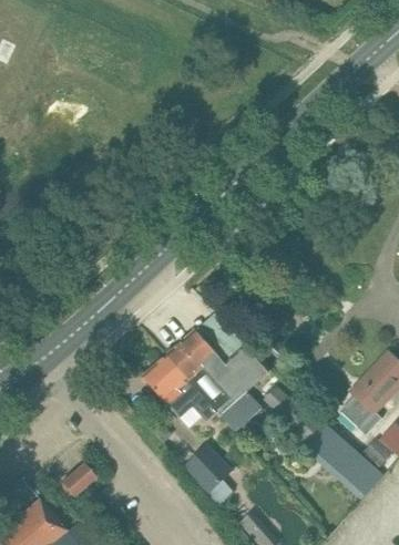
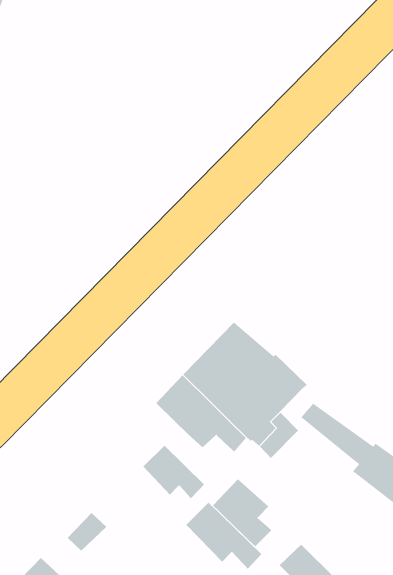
building: none -> [143,445,205,499]
building: none -> [185,502,262,570]

